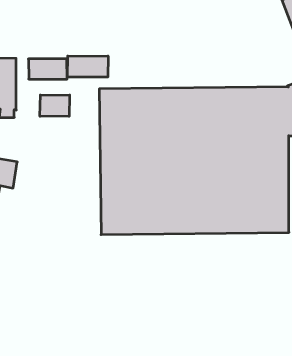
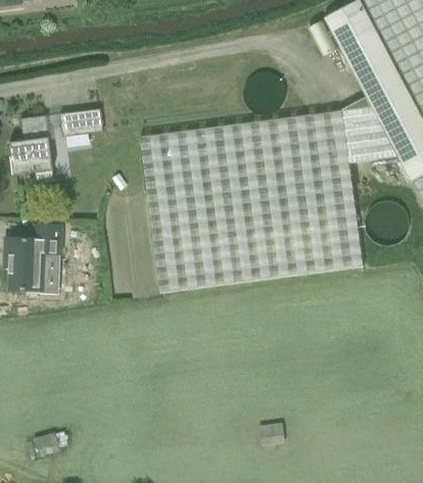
building: [67,56,108,77] -> none
building: [40,95,70,116] -> none

